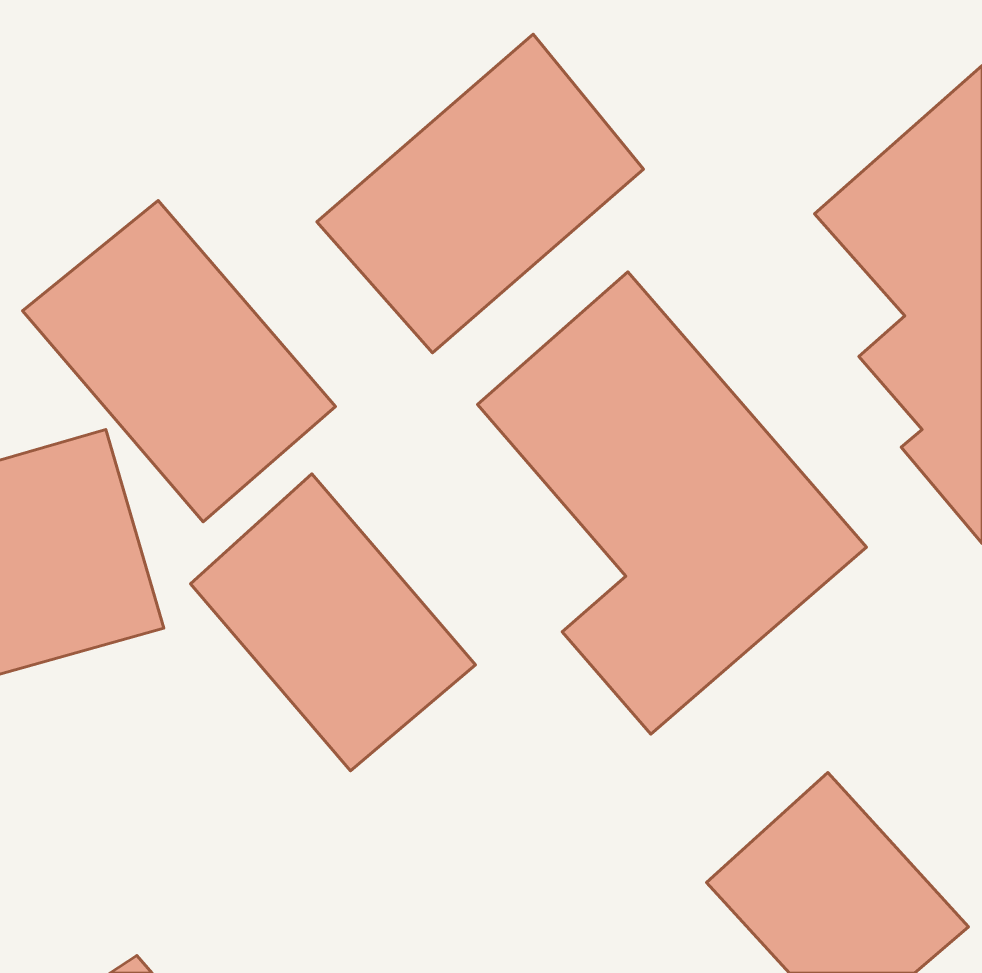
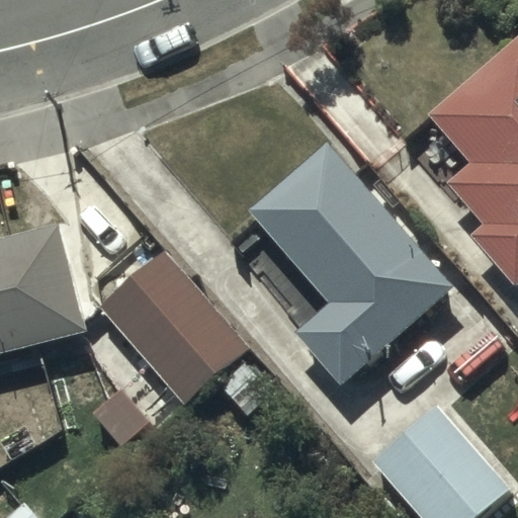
building: [317,34,644,353] -> none
building: [22,200,336,522] -> none

